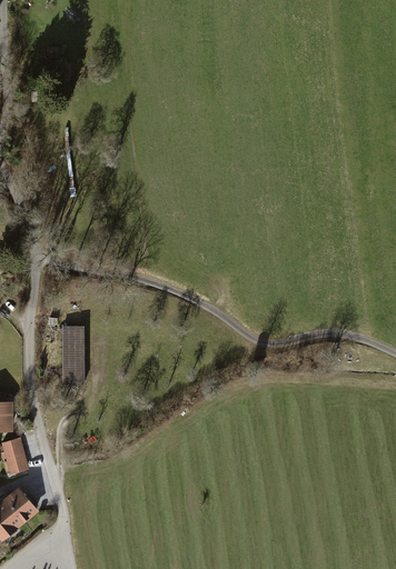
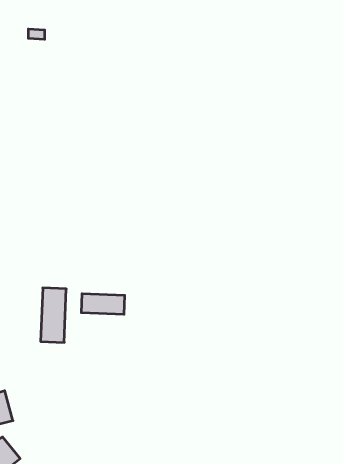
building: none -> [81,294,125,314]

